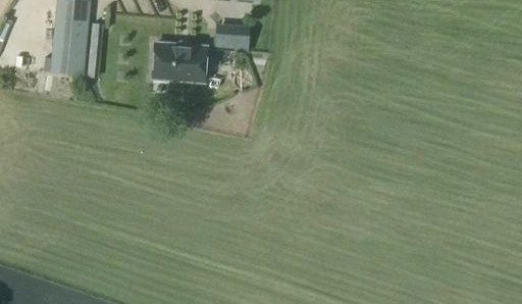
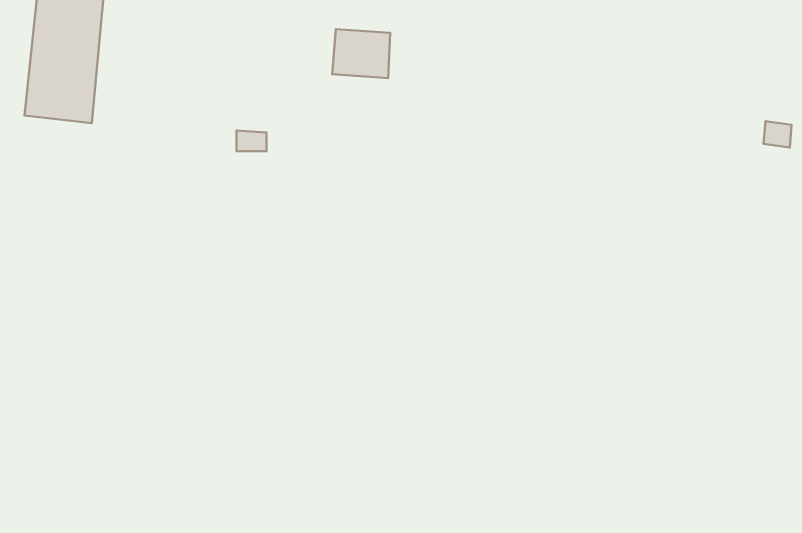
building: [153,43,207,81] -> none

